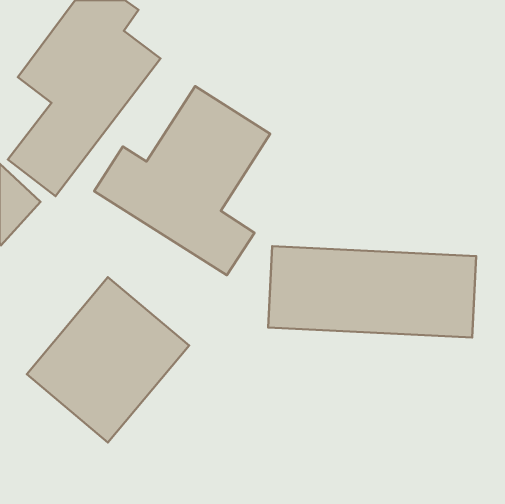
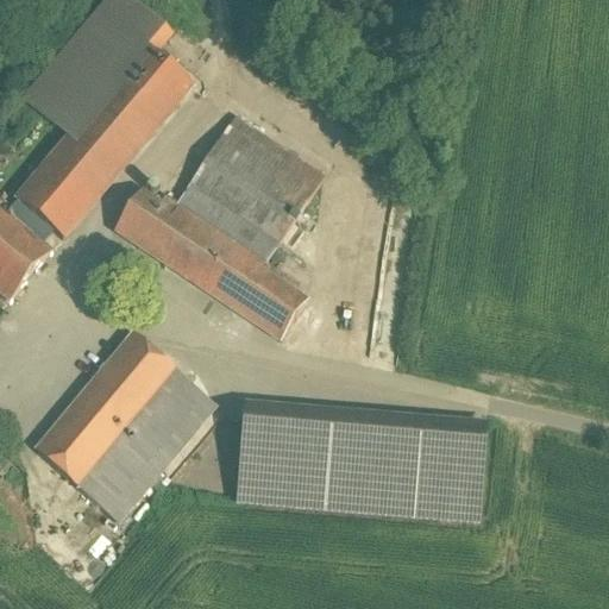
building: [268,246,476,337] -> [246,416,496,526]

